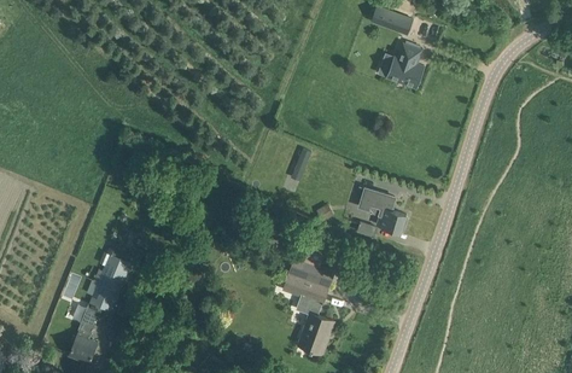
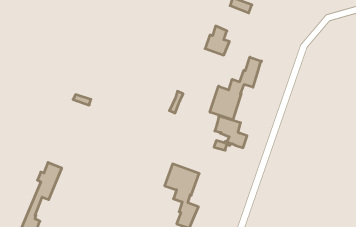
building: [387,43,424,87] -> [205,26,229,55]
building: none -> [210,57,262,120]

